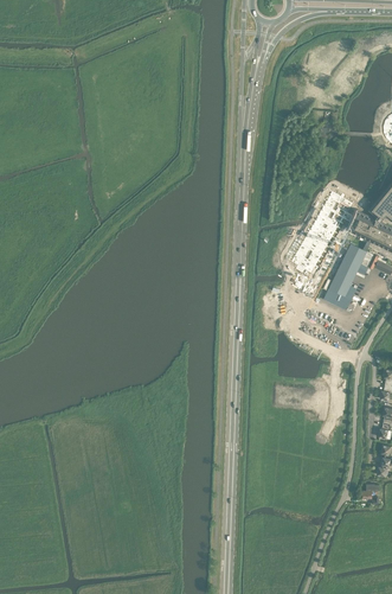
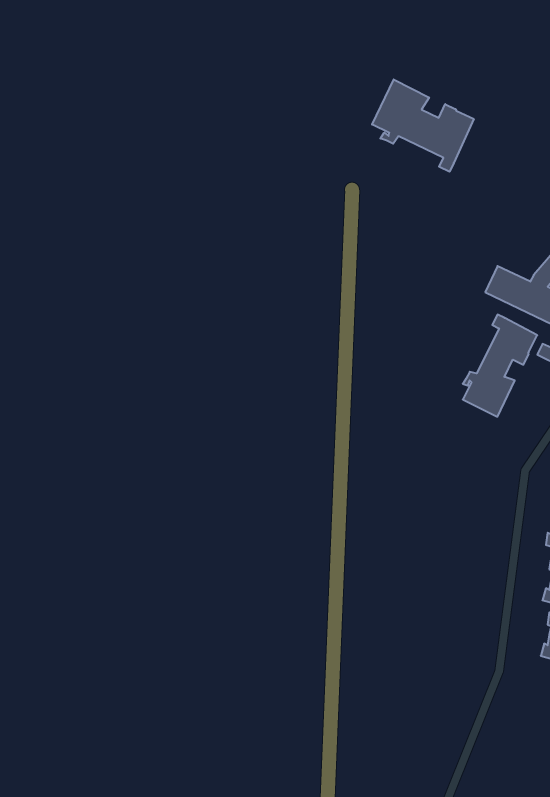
building: none -> [372,79,474,172]

